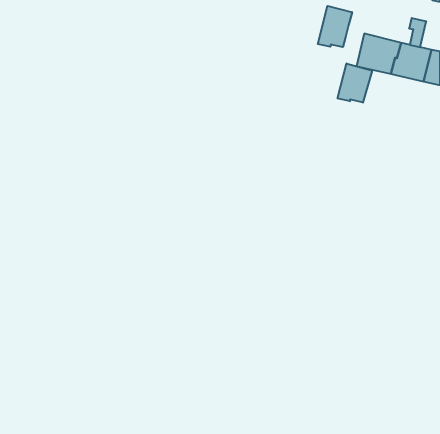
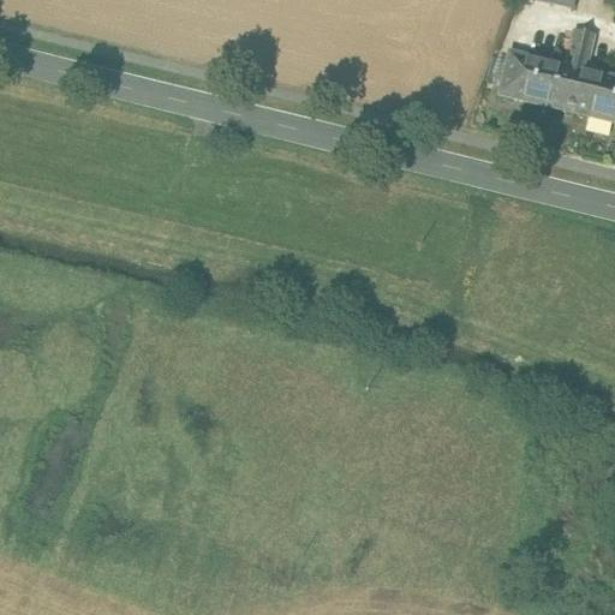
building: [318,6,352,47] -> none
building: [338,63,372,103] -> none

